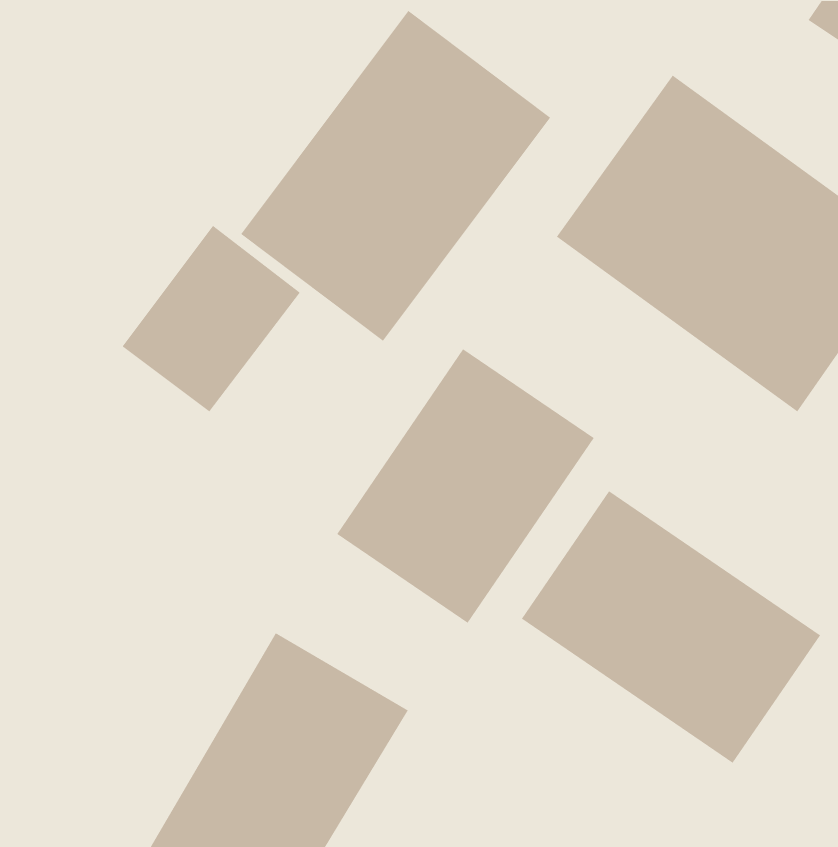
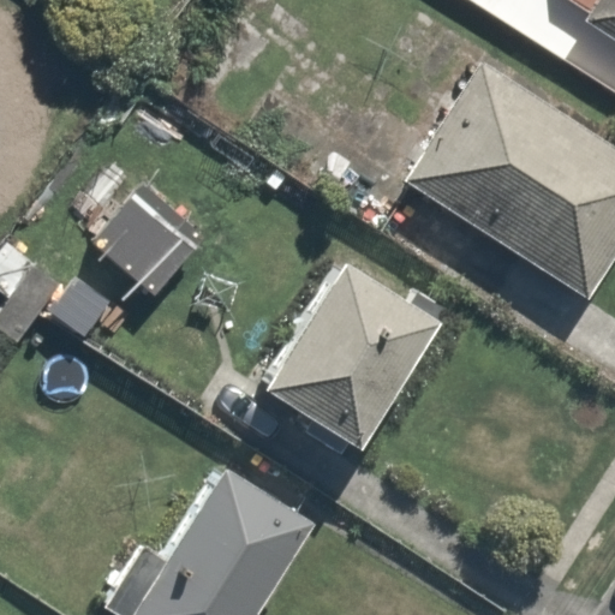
building: [240,10,551,342] -> none
building: [521,490,821,764] -> none

